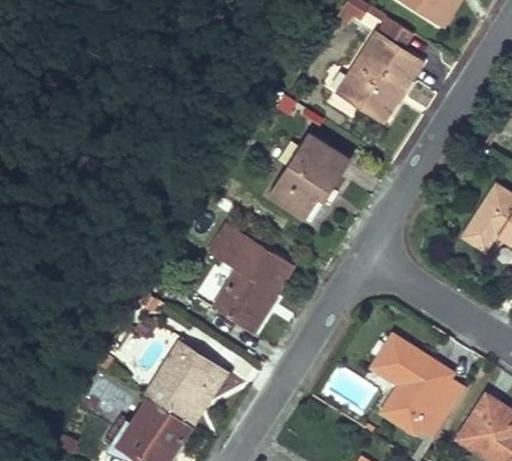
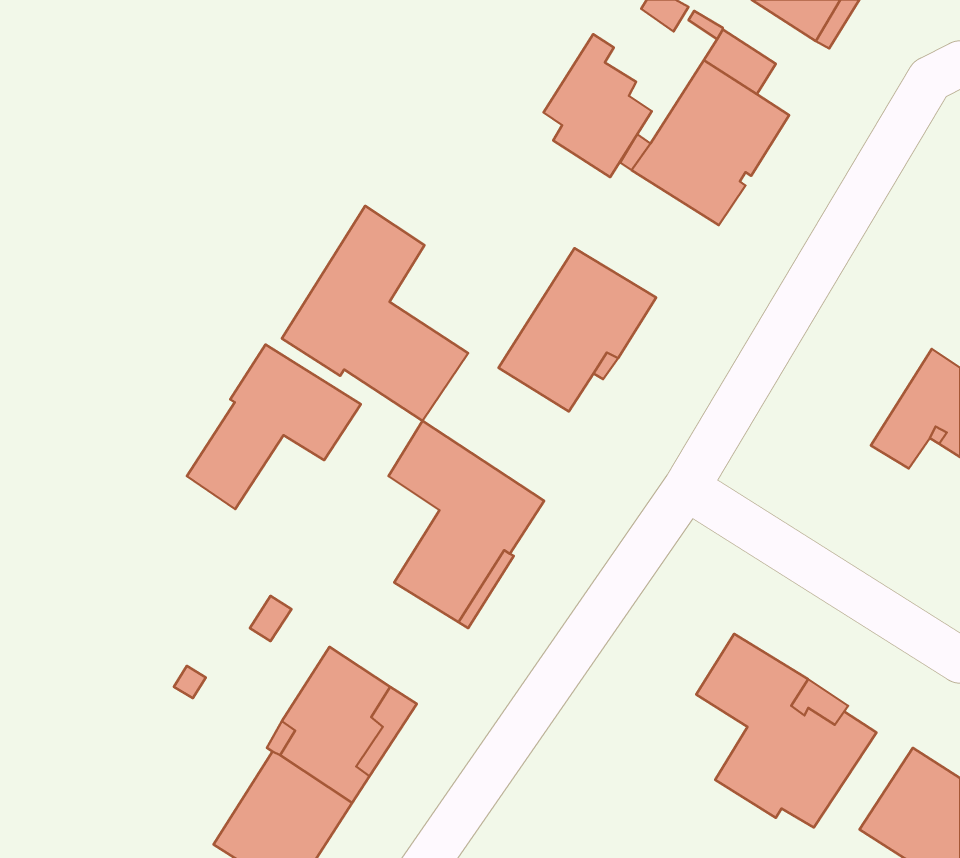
building: none -> [544,34,652,177]
building: none -> [282,206,468,421]
building: none -> [187,345,361,509]

